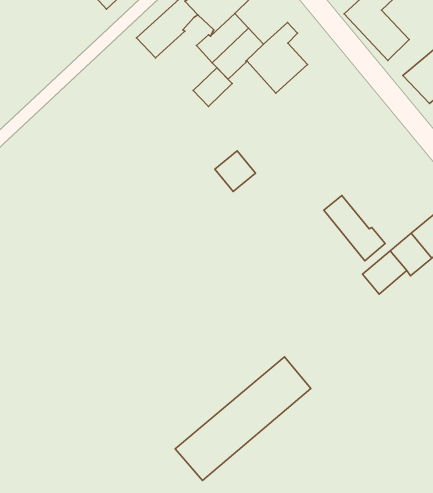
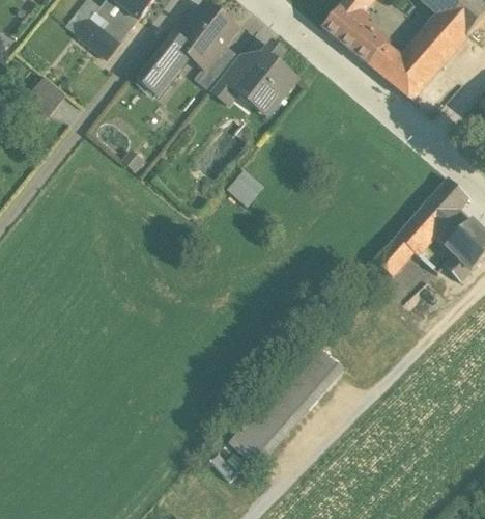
building: none -> [29,78,64,113]
building: none -> [368,42,401,75]
building: [193,68,232,106] -> none
building: [324,195,385,261] -> none

